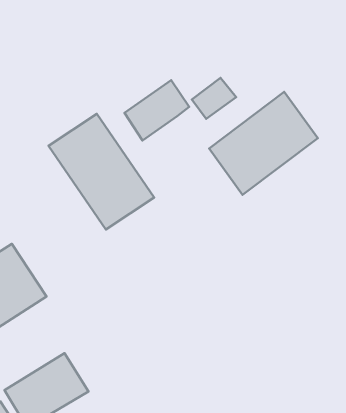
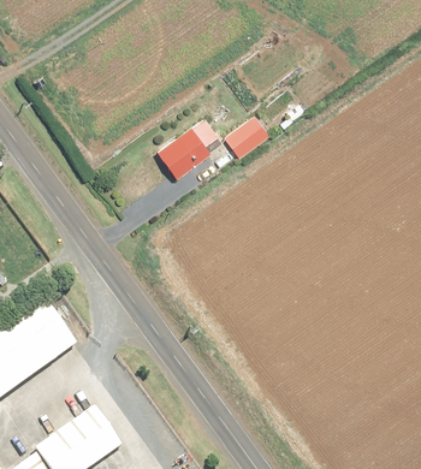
building: [209,92,318,195] -> none
building: [48,114,154,229] -> none

